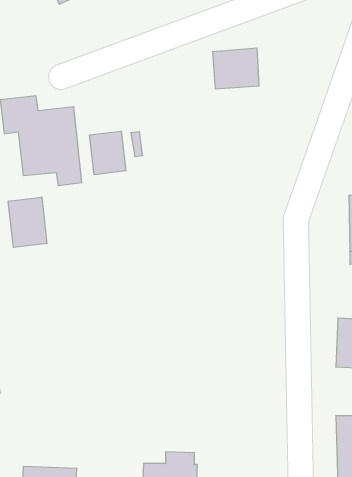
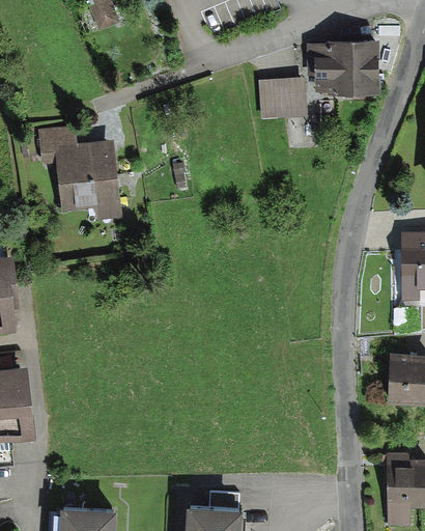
building: none -> [305,37,380,94]
building: [90,131,126,175] -> none
building: [8,197,47,248] -> none

